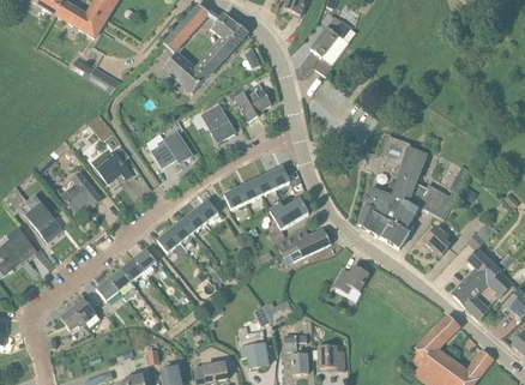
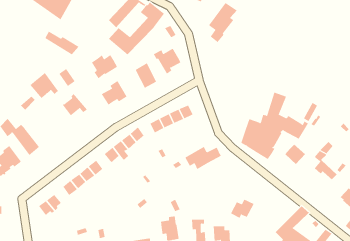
building: none -> [91,54,118,79]
building: [58,170,101,210] -> [30,72,59,99]
building: [268,198,308,241] -> none
building: [333,264,369,293] -> [230,199,254,218]
building: [453,265,514,319] -> none

